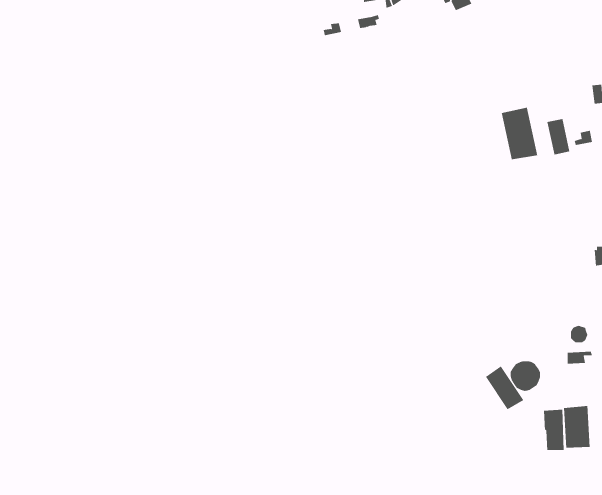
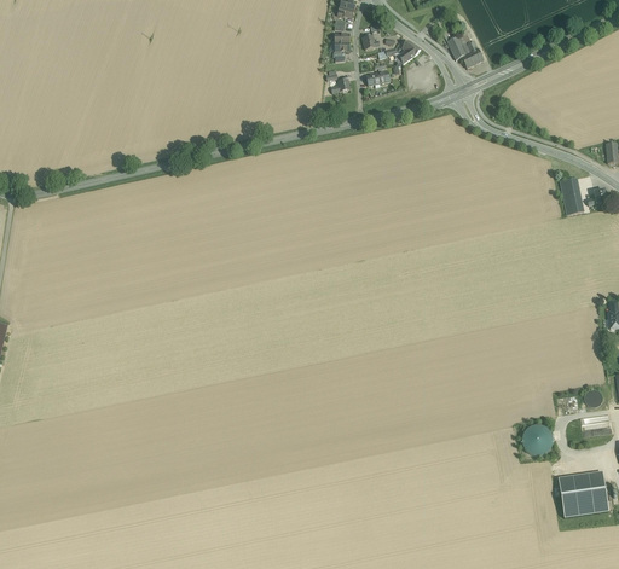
building: [501,107,538,160] -> none
building: [485,366,524,410] -> none

